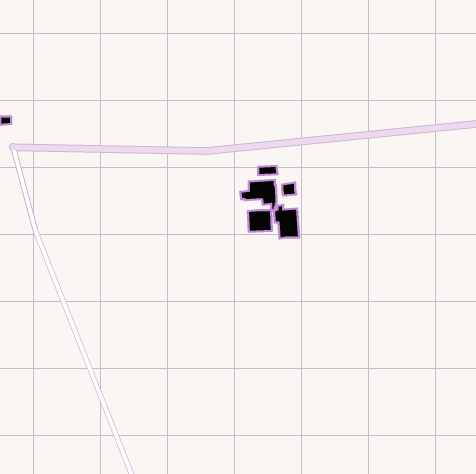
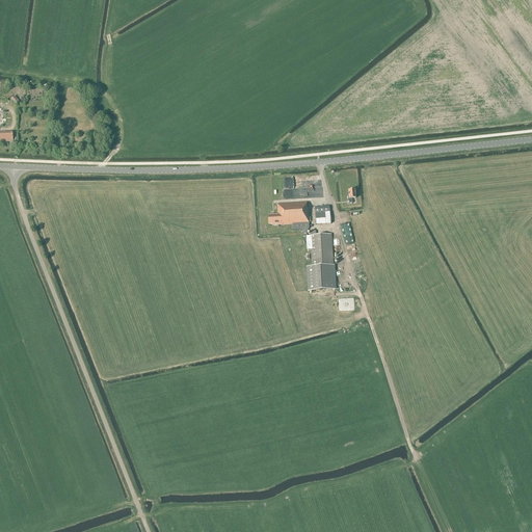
building: [248,210,272,232] -> [308,265,335,289]

